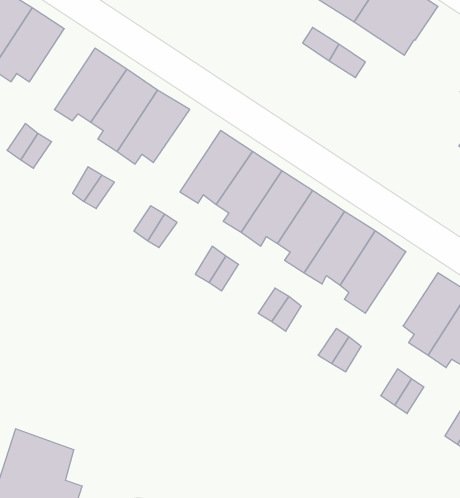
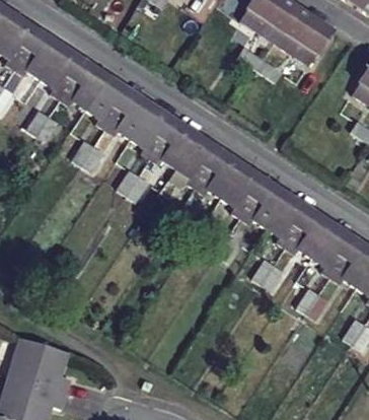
building: none -> [38,46,85,104]
building: none -> [128,104,176,164]
building: none -> [282,208,335,262]

